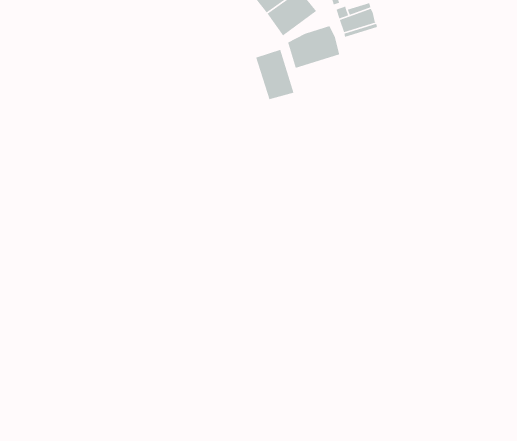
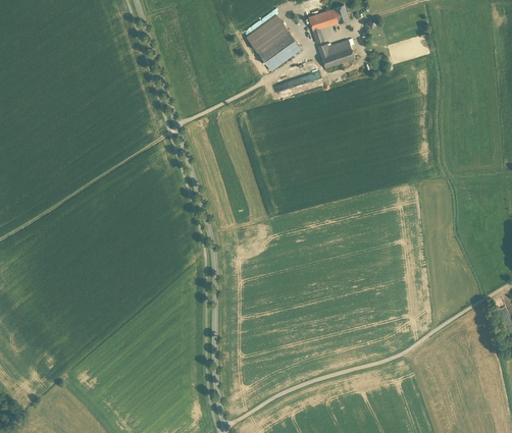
building: [255,49,294,100] -> none

